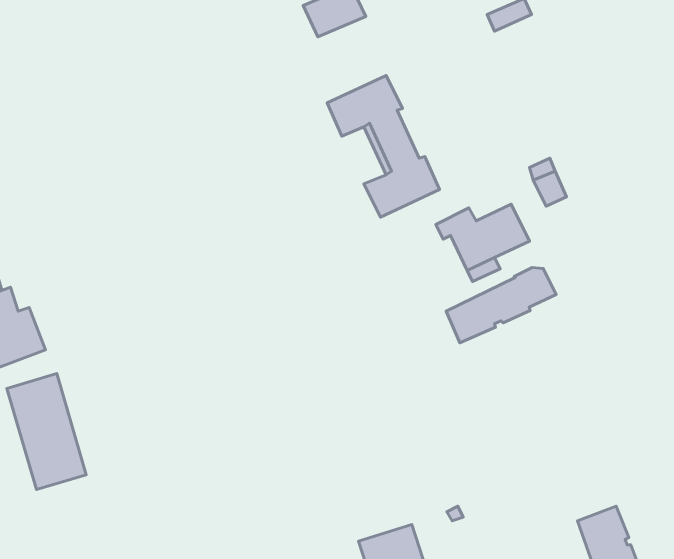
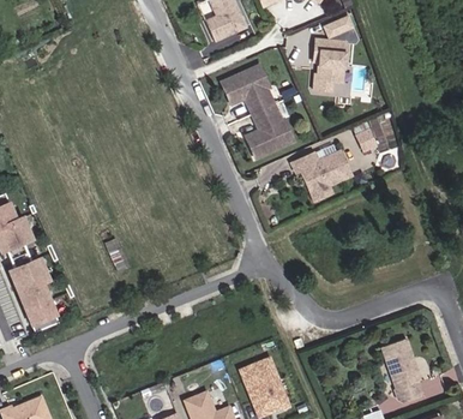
building: none -> [313,37,344,89]
building: [446,268,556,343] -> none

